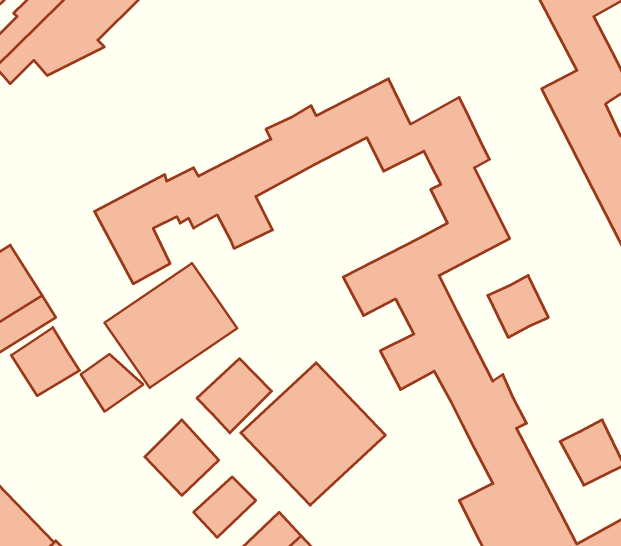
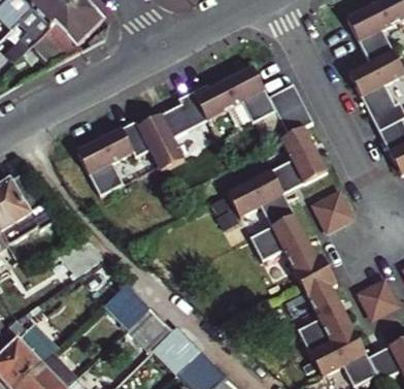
building: [105,263,237,388] -> none
building: [11,327,80,396] -> none
building: [197,359,272,433] -> none
building: [241,363,385,505] -> none

